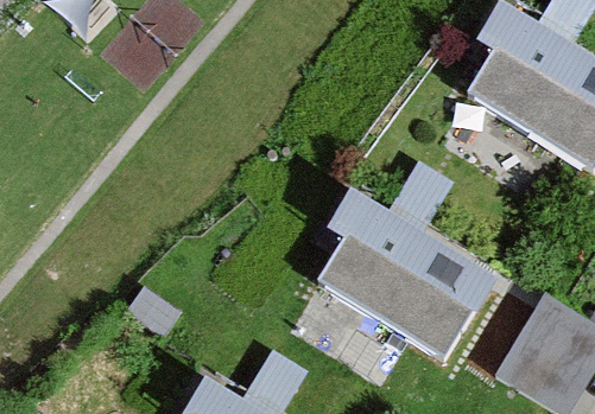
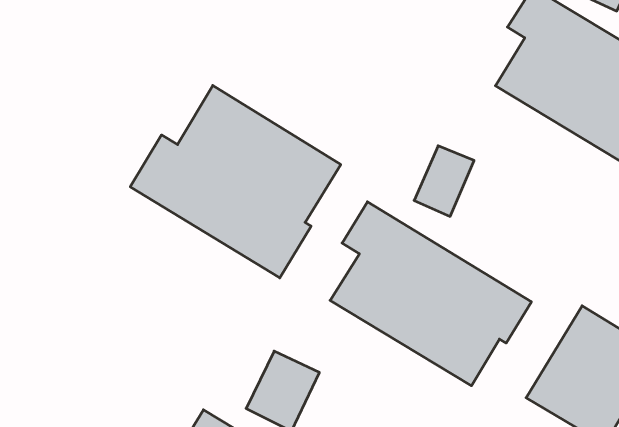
building: none -> [130,85,341,278]

